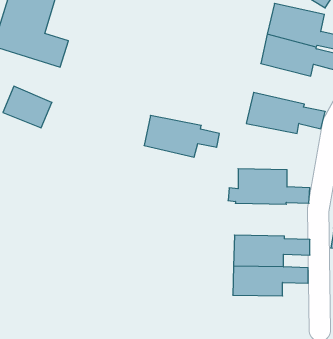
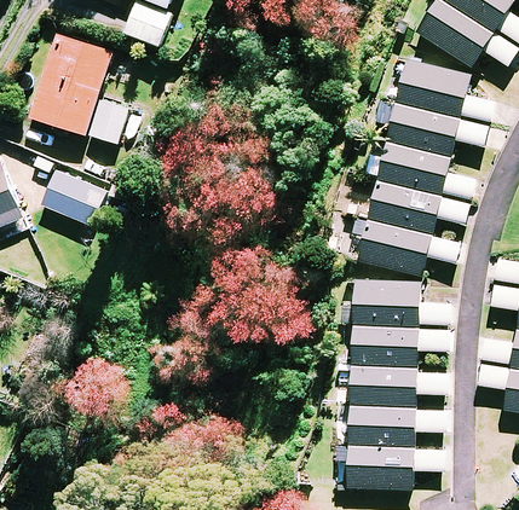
building: none -> [375,139,474,198]
building: [144,115,219,157] -> [357,219,457,274]
building: none -> [350,325,449,369]
building: none -> [338,446,445,488]

